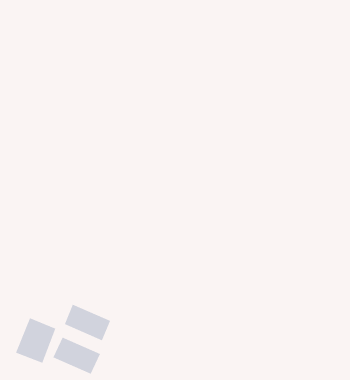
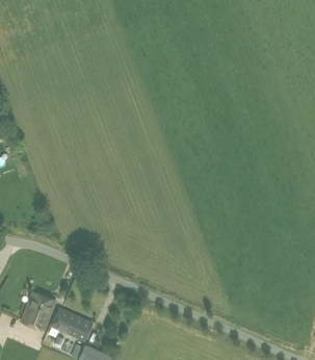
building: [64,304,111,341] -> none

